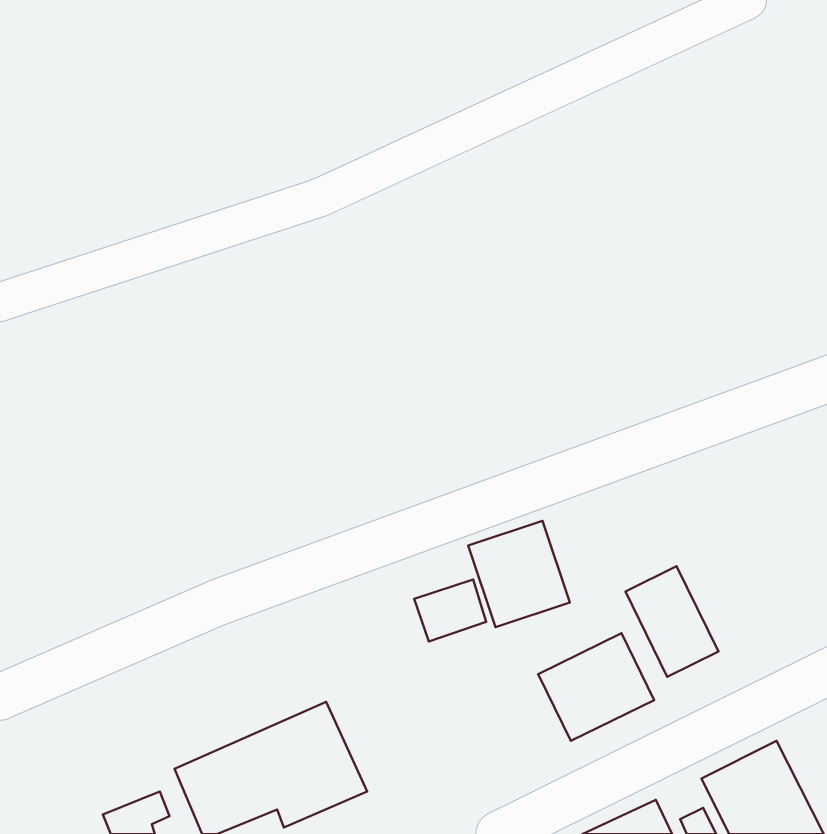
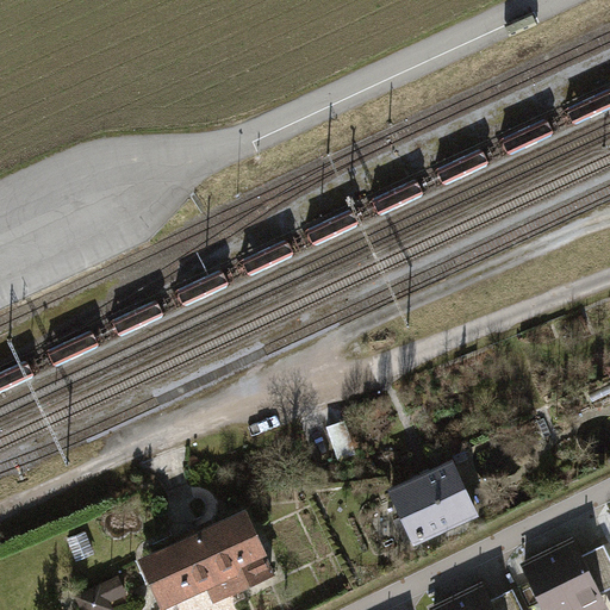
building: [468,521,570,627] -> none
building: [626,566,718,677] -> none

